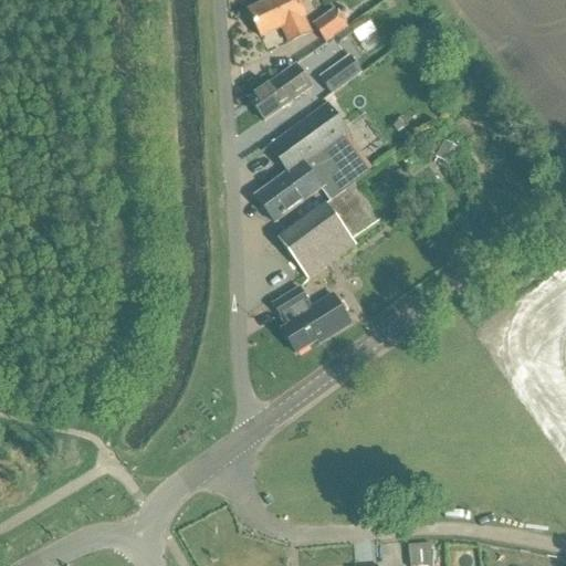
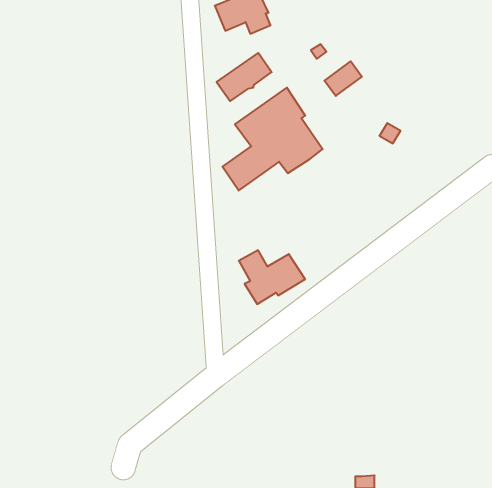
building: [312,7,348,42] -> none
building: [318,54,361,94] -> [324,61,362,96]
building: [277,182,380,277] -> none

